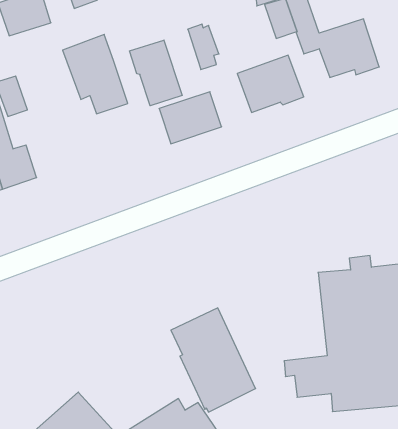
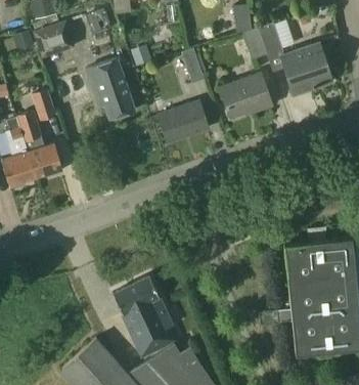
building: [130,40,182,106] -> none
building: [171,308,256,412] -> [113,276,179,358]

